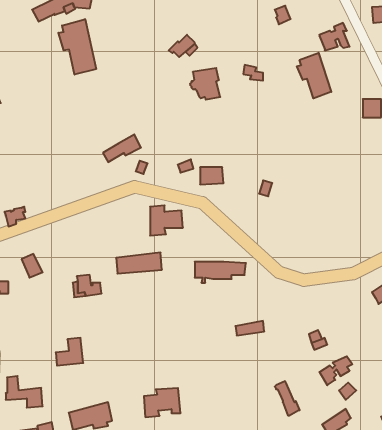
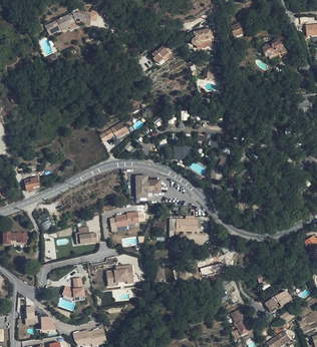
building: [58,19,96,75] -> none
building: [297,53,331,98] -> none
building: [190,68,220,100] -> [192,28,215,52]
building: [144,388,181,417] -> [106,264,134,286]

